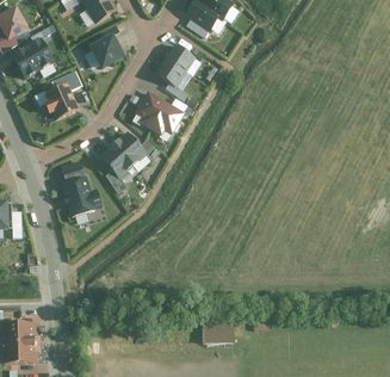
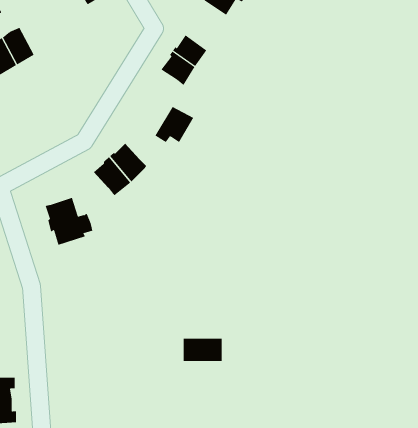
building: [92,36,124,67] -> none
building: [47,85,78,118] -> none
building: [137,92,166,126] -> none
building: [202,322,234,341] -> [183,338,222,361]

